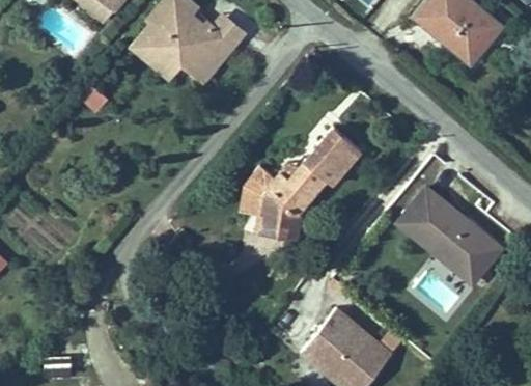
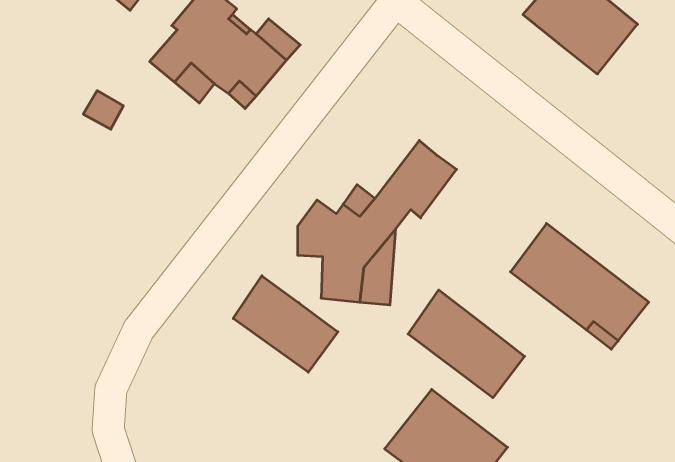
building: none -> [233,276,338,372]
building: none -> [408,290,525,398]

